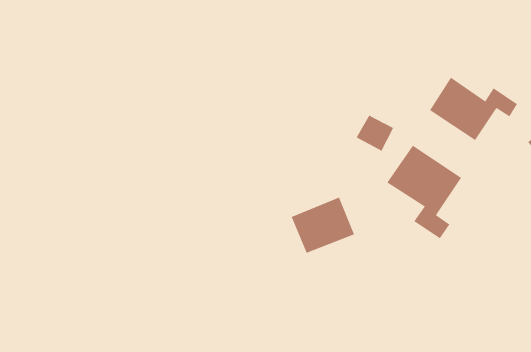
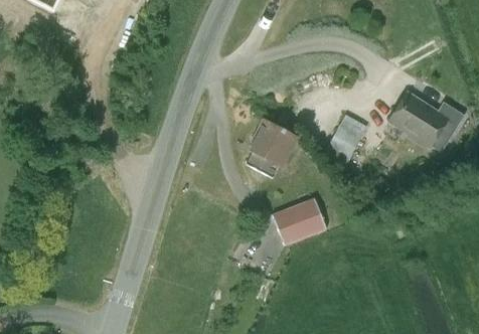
building: none -> [246,120,295,177]
building: [387,145,462,239] -> none

